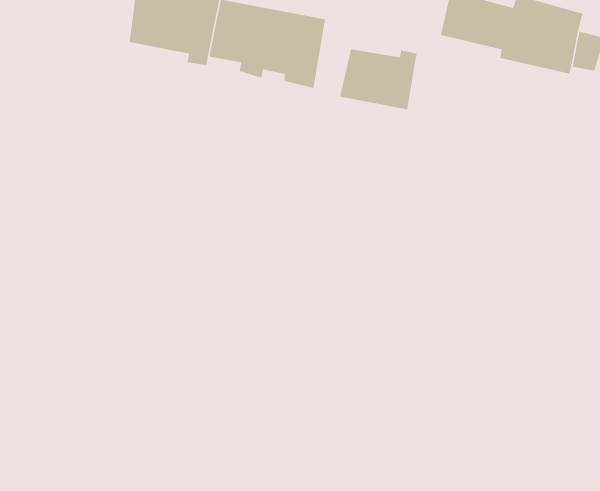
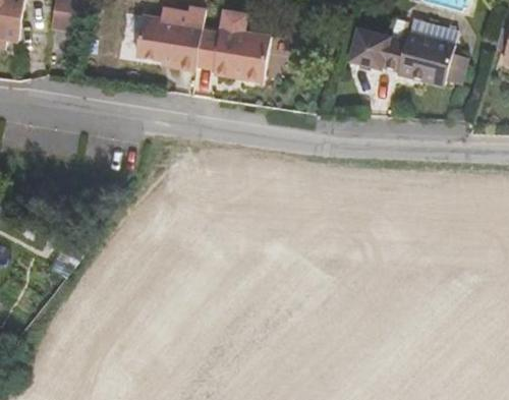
building: [339,49,417,110] -> none

